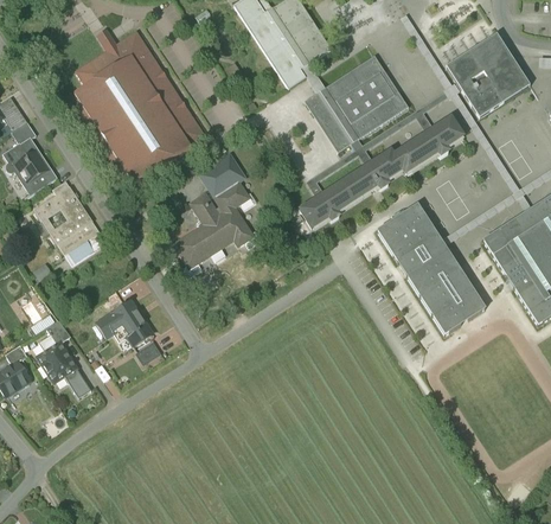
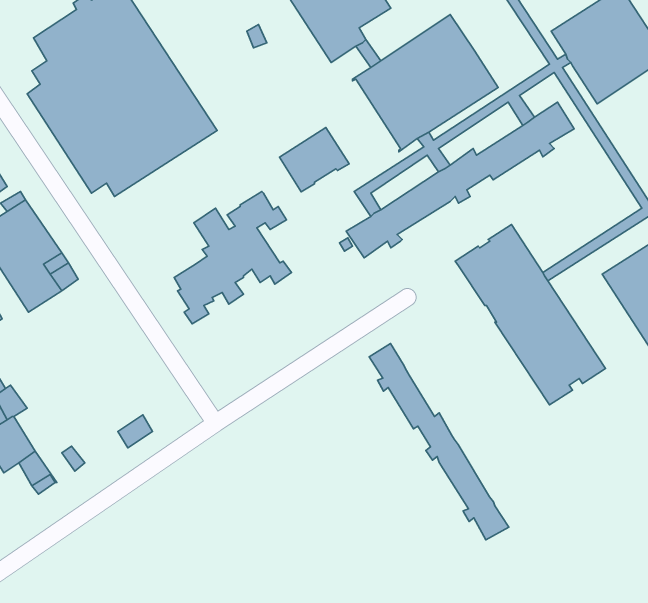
building: [198,151,248,197] -> [280,127,349,192]
building: none -> [369,344,509,540]
building: [96,300,152,345] -> none

